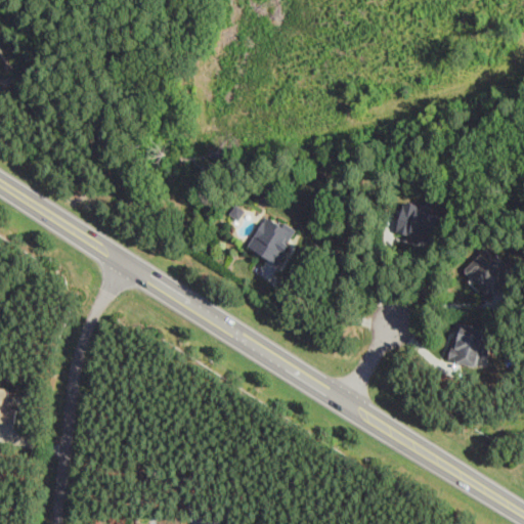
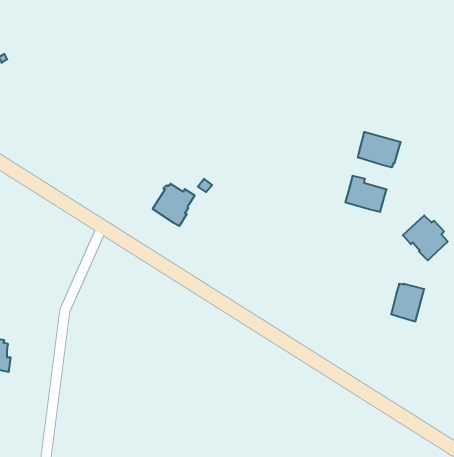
building: none -> [358,132,401,167]
building: [245,218,293,266] -> [153,184,195,226]

